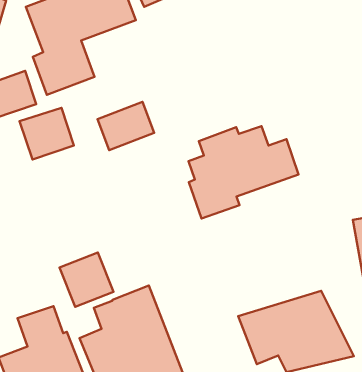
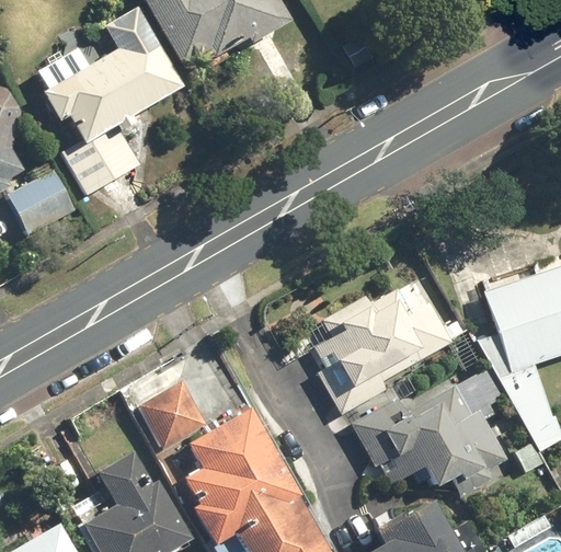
building: [97,102,154,150] -> none
building: [19,108,74,160] -> none
building: [188,126,298,218] -> [314,291,450,414]

